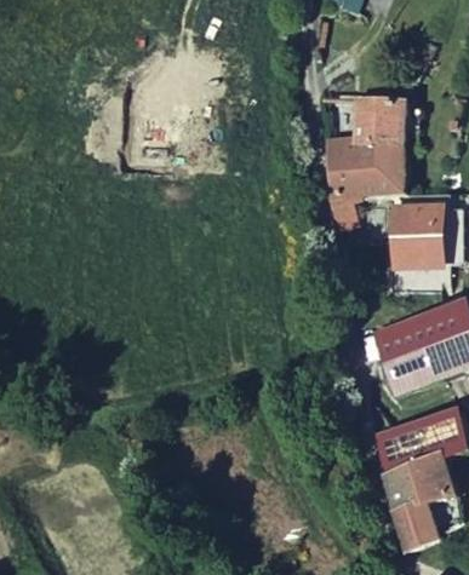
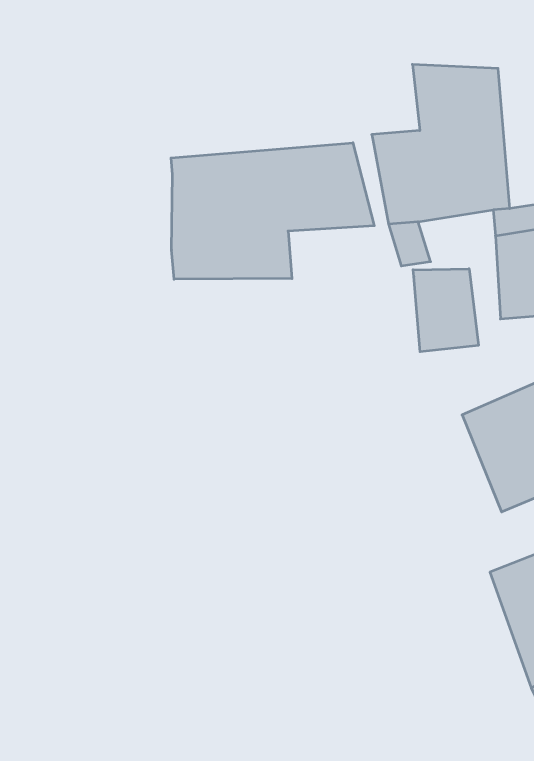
building: none -> [171,143,374,279]
building: none -> [413,269,478,352]

